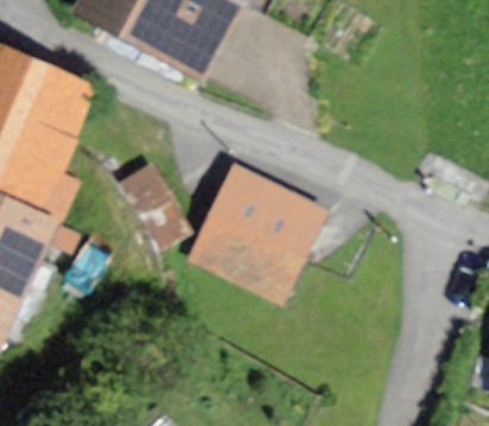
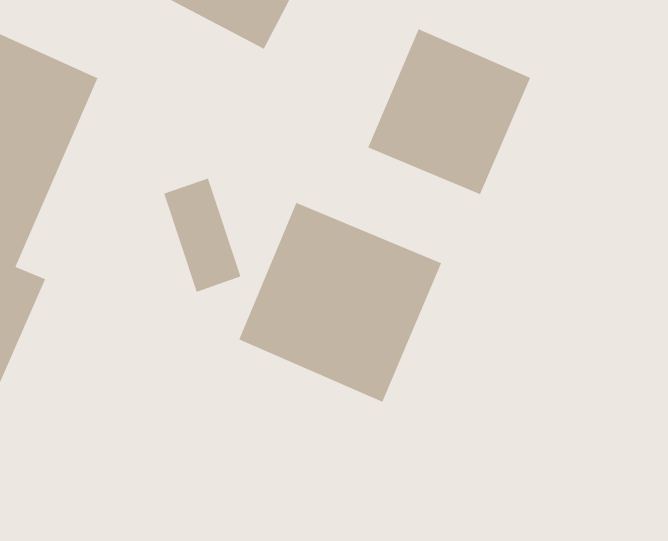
building: none -> [367,28,531,195]

